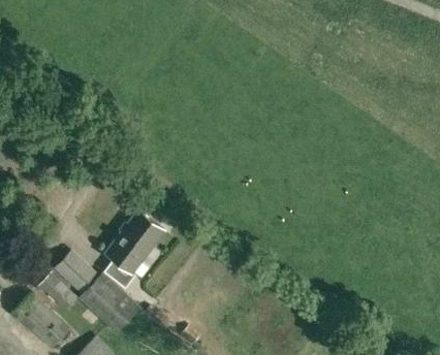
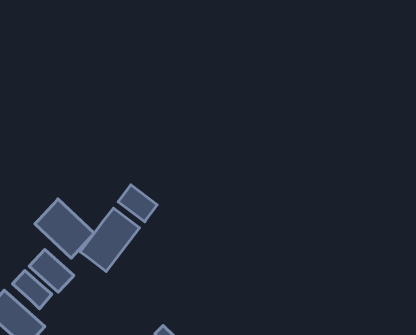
building: none -> [118,185,157,222]
building: [80,275,138,333] -> [35,199,94,258]

